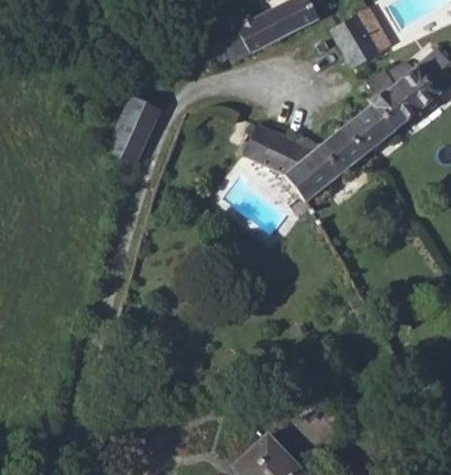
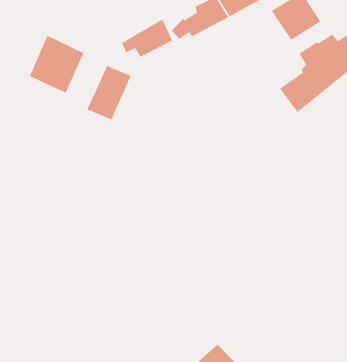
building: none -> [121,18,173,58]
building: none -> [29,35,84,94]
building: [242,124,364,202] -> none

